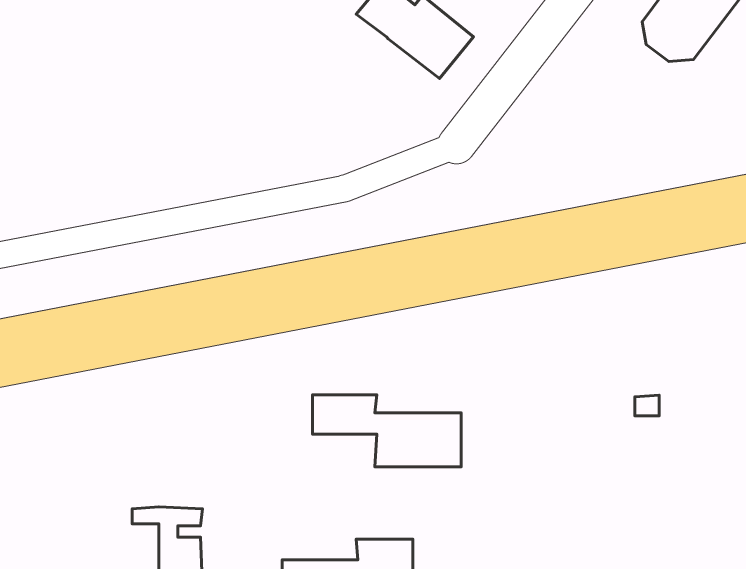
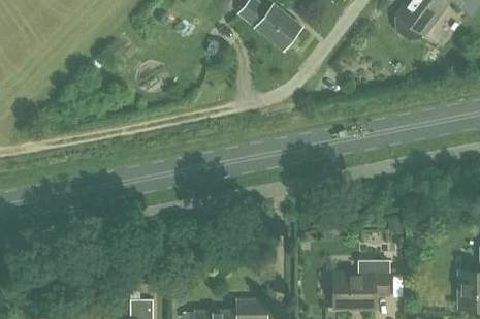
building: [312,395,461,467] -> none
building: none -> [337,259,391,308]

